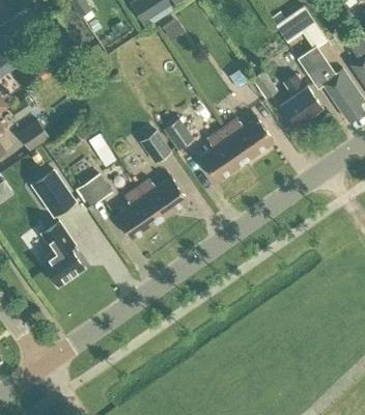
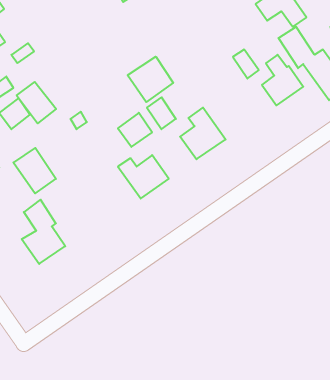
building: none -> [128,57,173,102]
building: none -> [17,82,56,123]
building: [222,117,274,161] -> none
building: [79,175,111,208] -> none
building: [115,188,160,240] -> none

